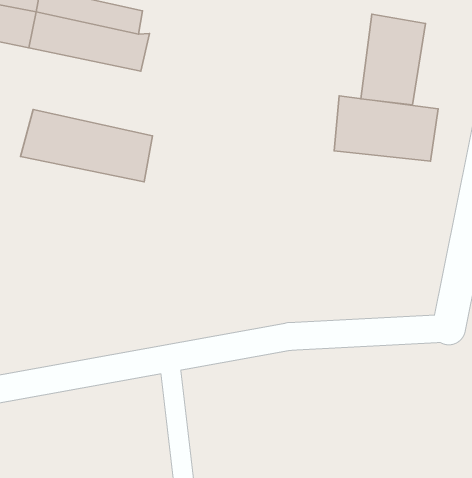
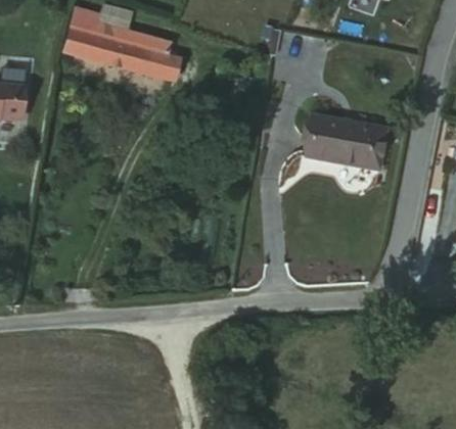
building: [361,14,426,105] -> none
building: [21,110,153,182] -> none

